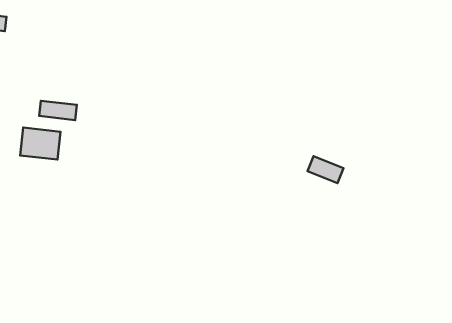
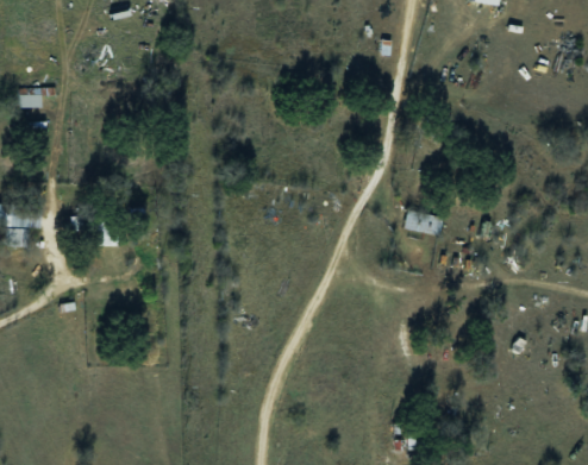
building: [39,101,77,120] -> none

